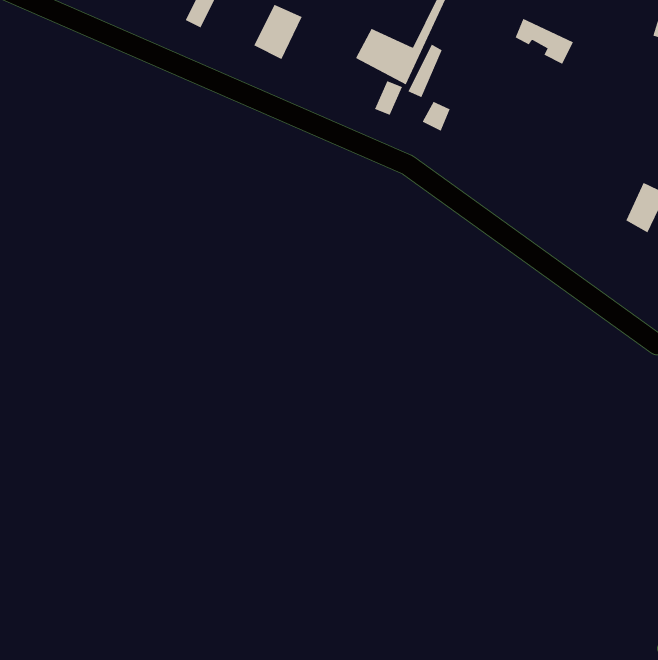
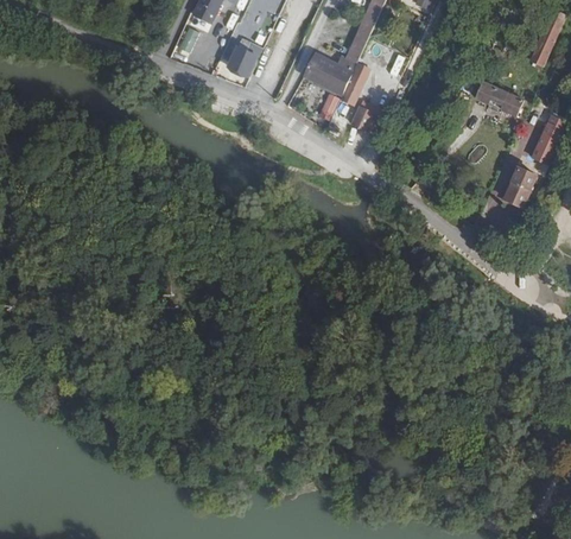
building: [515,18,574,64] -> [478,83,522,118]

